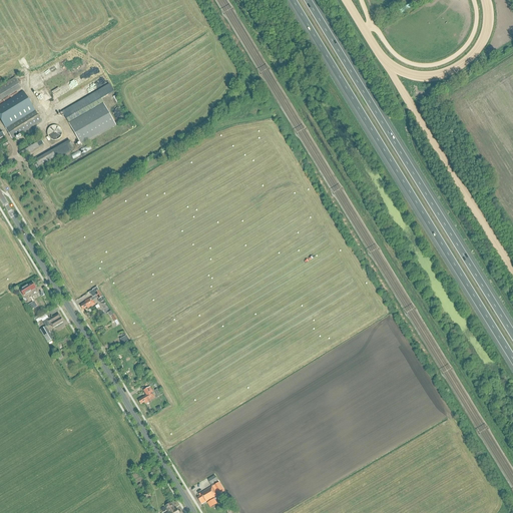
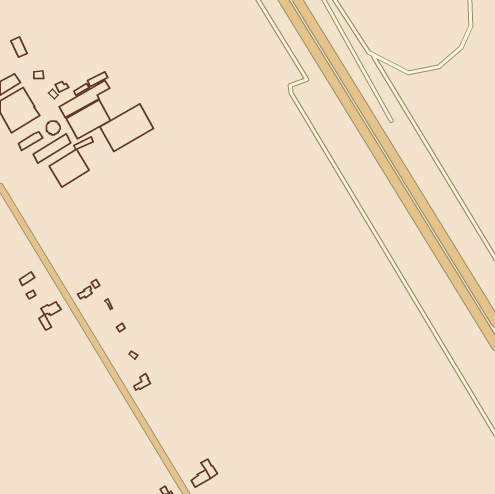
building: none -> [100,104,154,151]
building: none -> [49,149,89,187]

